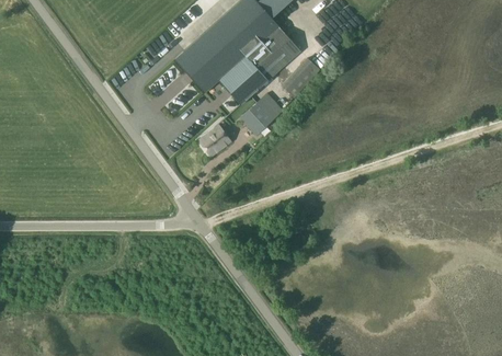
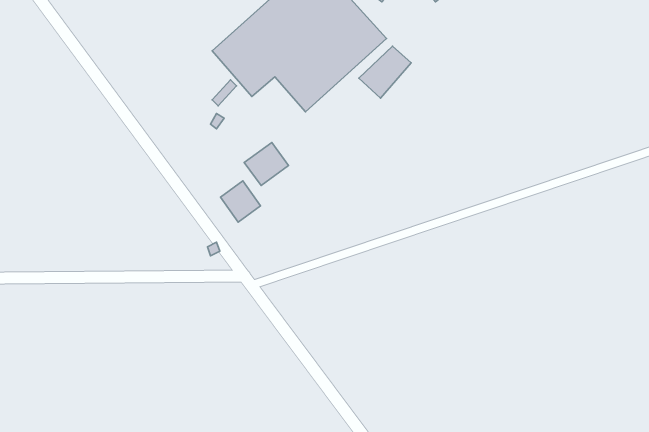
building: [240,92,283,133] -> none
building: none -> [220,181,261,222]

